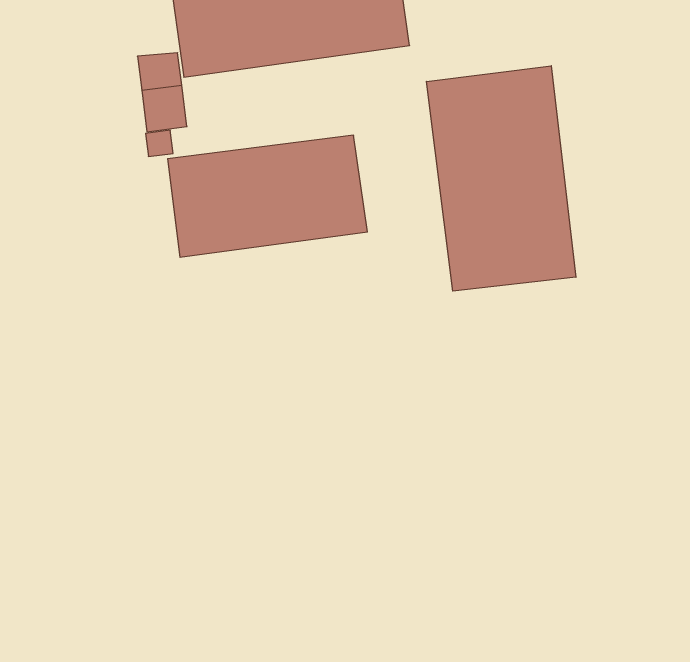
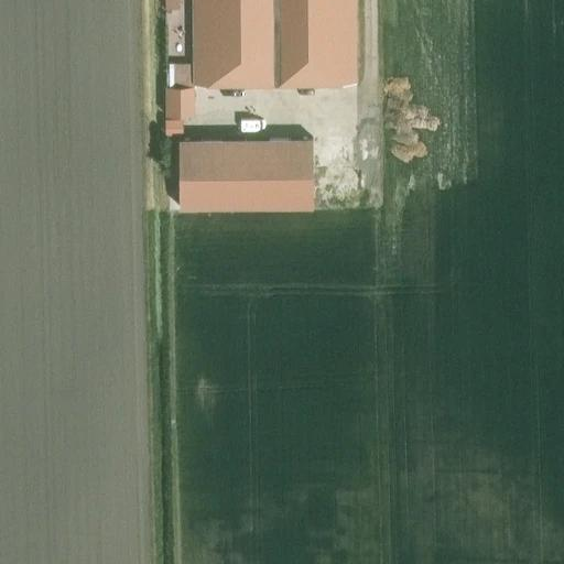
building: [426,66,576,291] -> none

